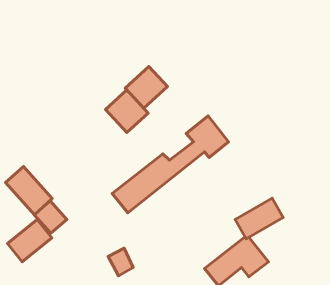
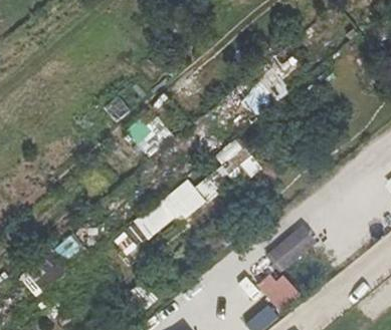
building: [125,66,167,108] -> none
building: [6,167,52,215] -> none

